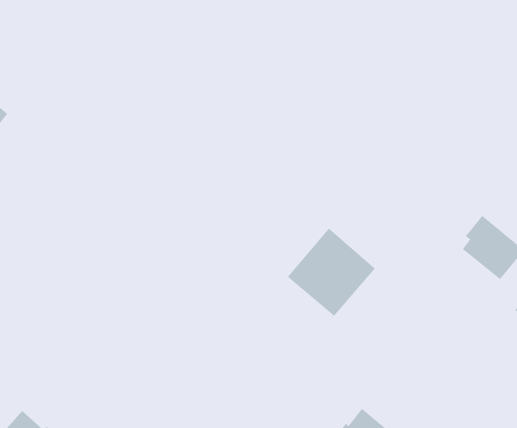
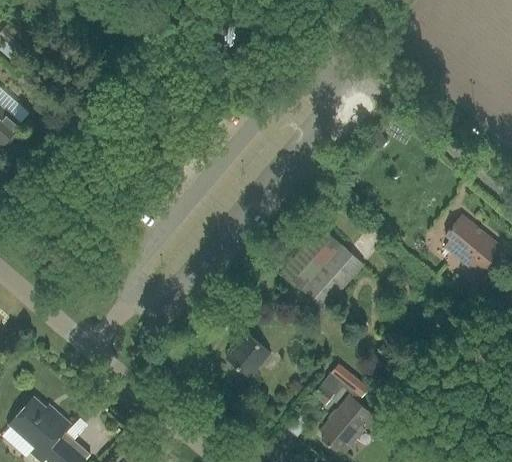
building: none -> [226,333,269,377]
building: none -> [313,363,369,405]

